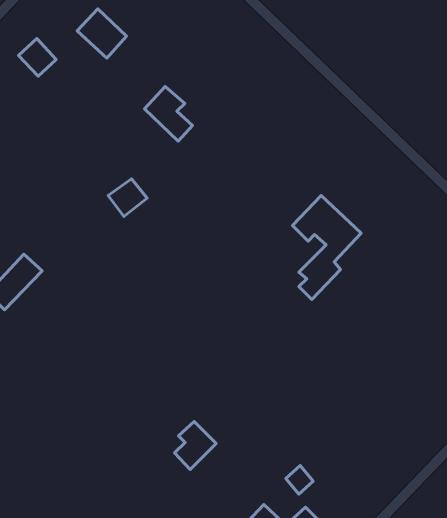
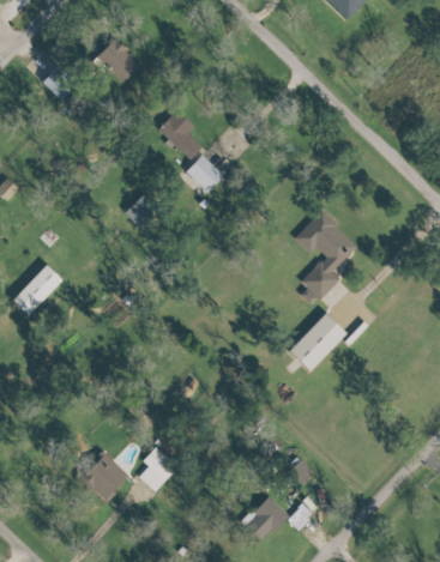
building: none -> [185,153,224,192]
building: none -> [289,312,346,370]
building: [175,422,216,470] -> [138,447,176,491]
building: none -> [79,451,128,501]

